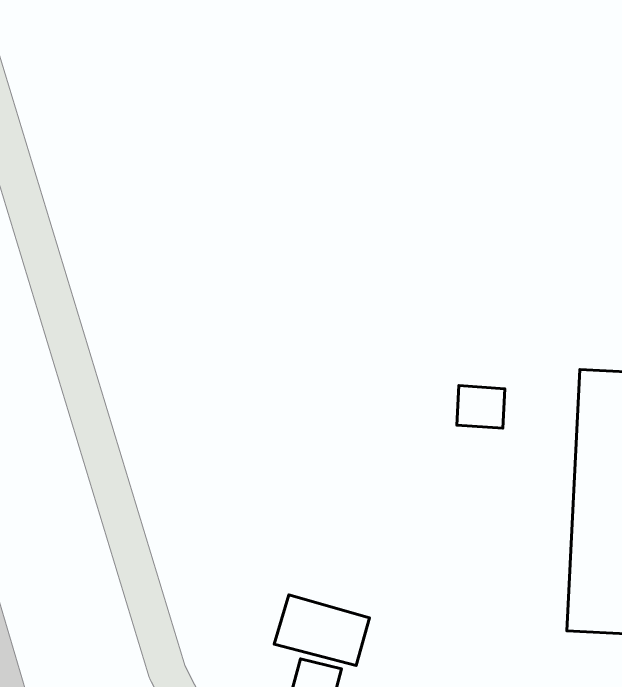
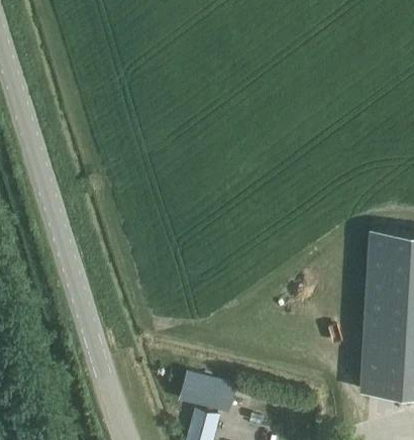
building: [457,386,505,428] -> none

